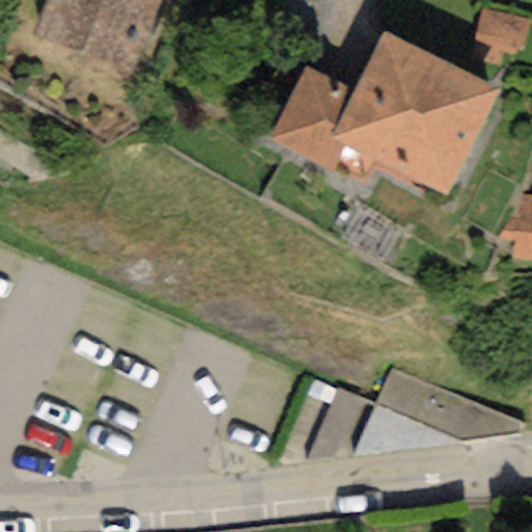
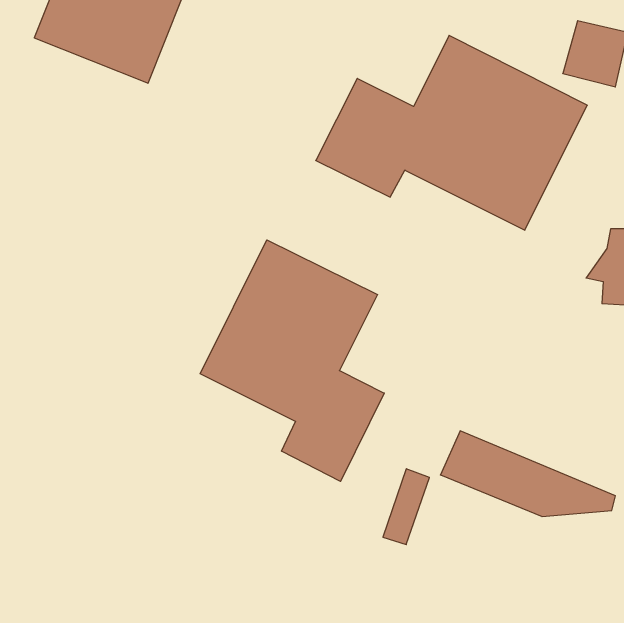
building: none -> [200,240,384,481]

